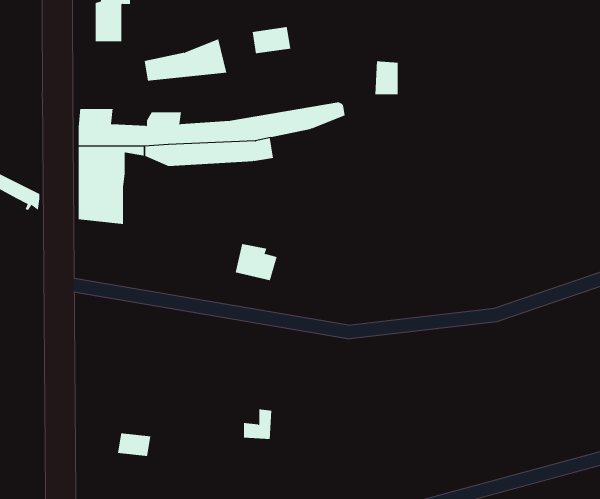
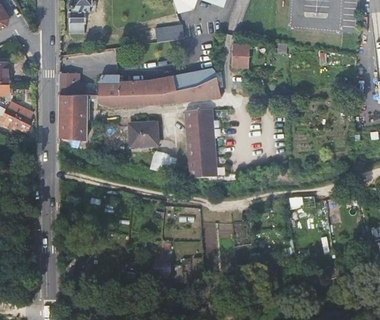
building: [144,39,227,81] -> [172,77,221,102]
building: none -> [183,110,217,179]
building: none -> [129,124,158,147]

